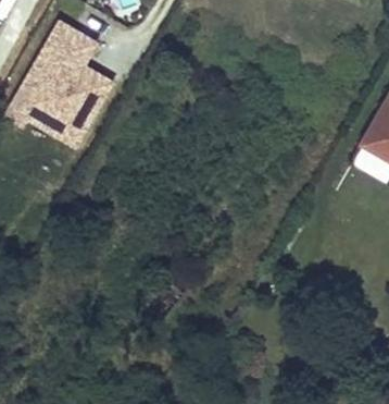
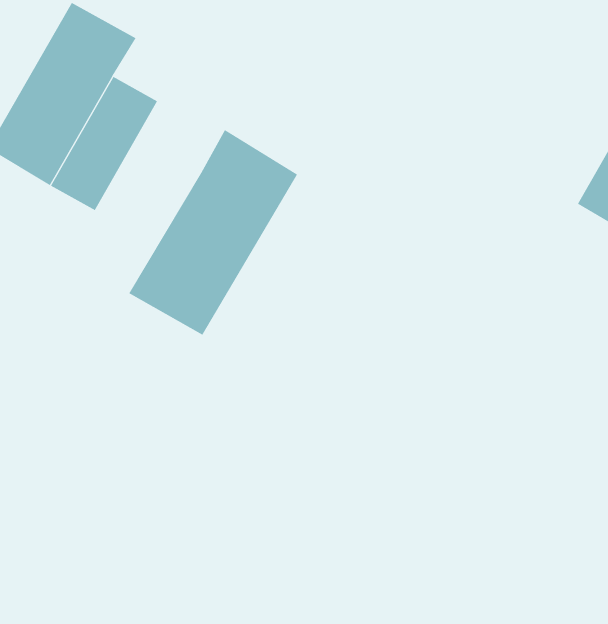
building: none -> [129,129,298,336]

